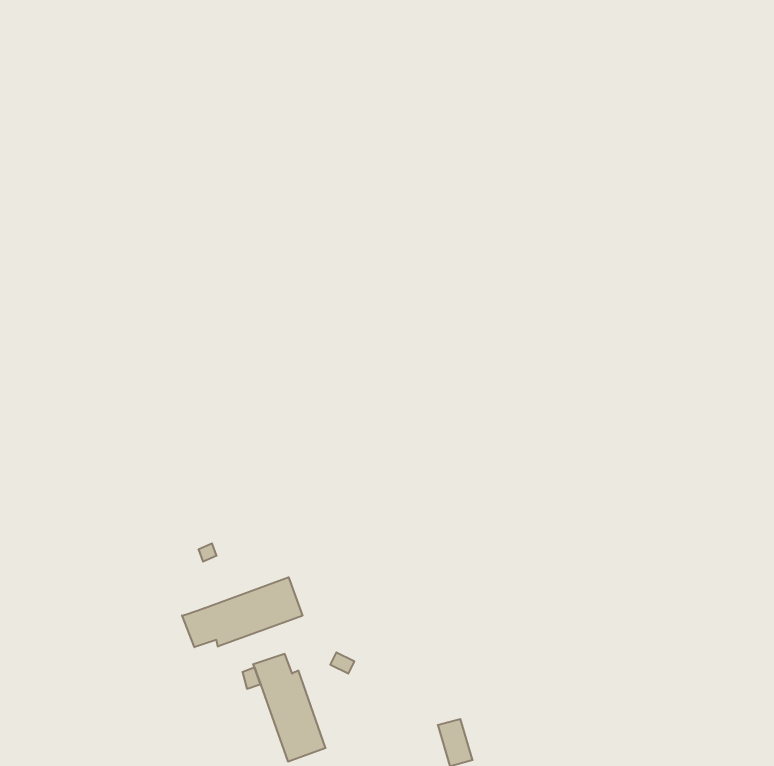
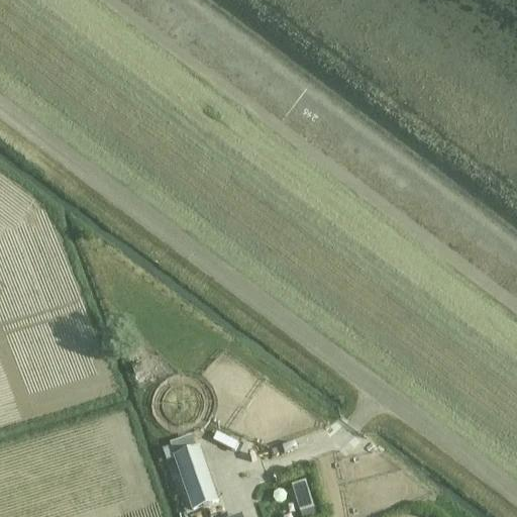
building: [182,577,302,647] -> none

